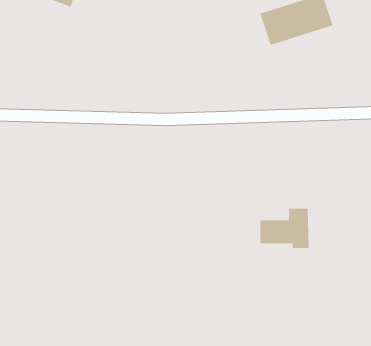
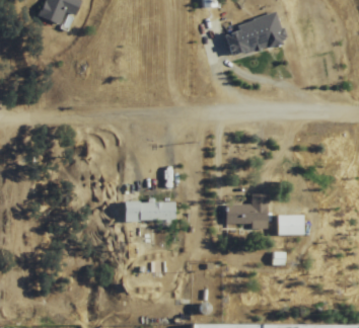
building: none -> [125,200,178,221]
building: none -> [277,215,303,236]

